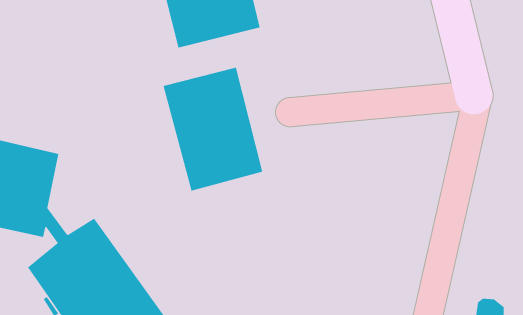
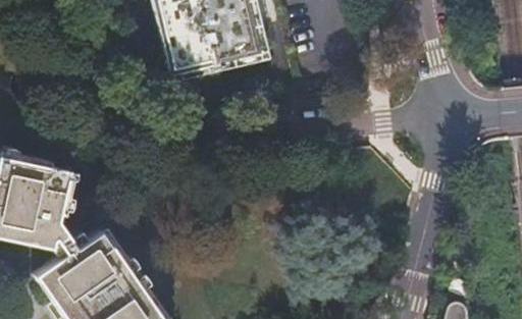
building: [163,67,263,192] -> none

